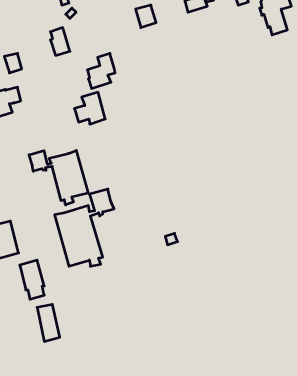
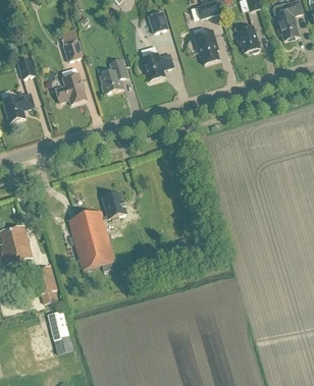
building: none -> [238,24,259,52]
building: none -> [193,29,219,63]
building: none -> [142,52,173,79]
building: [74,92,105,124] -> [55,71,86,103]
building: [29,150,88,205] -> none

